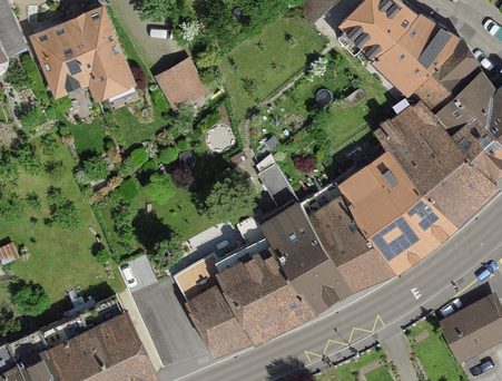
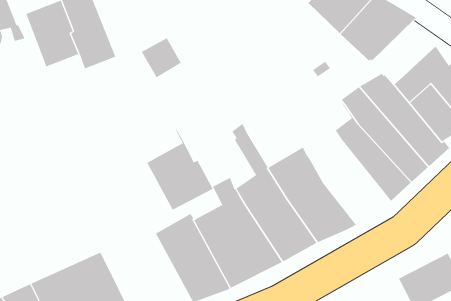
building: [411,41,481,114] -> none
building: [335,149,432,267] -> none
building: none -> [146,129,213,211]

